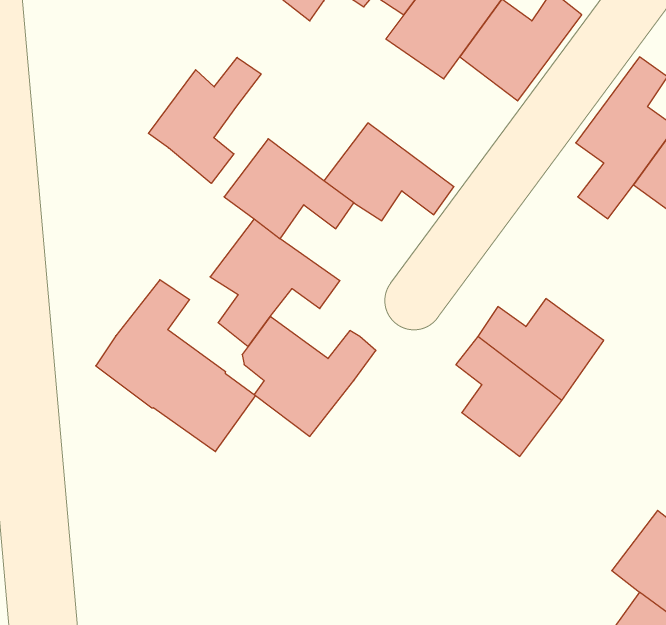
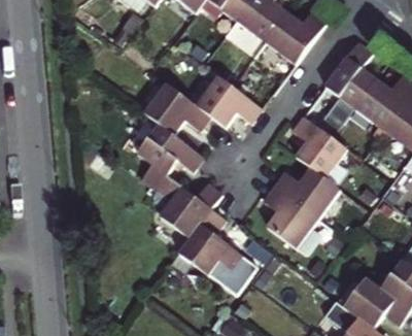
building: [148,57,261,183] -> none
building: none -> [291,115,346,177]
building: [96,280,256,452] -> [177,208,260,297]

